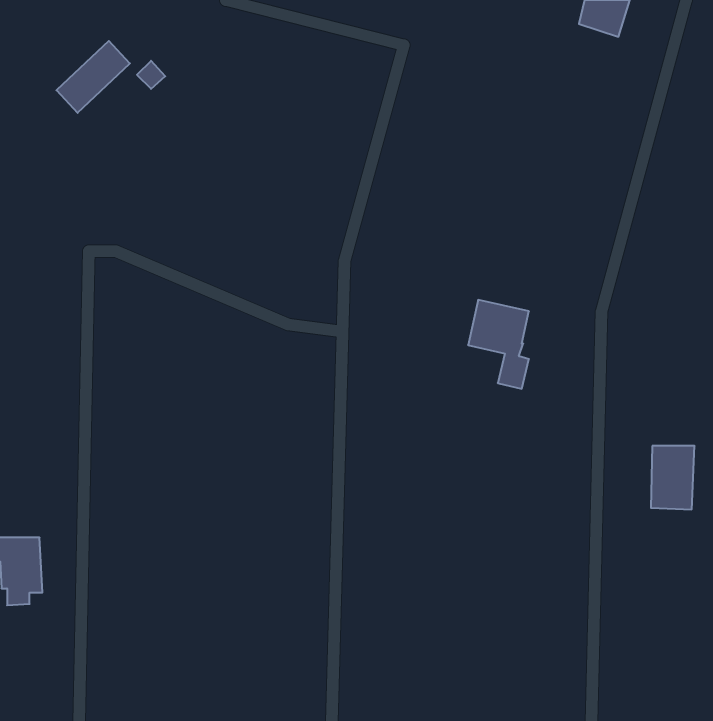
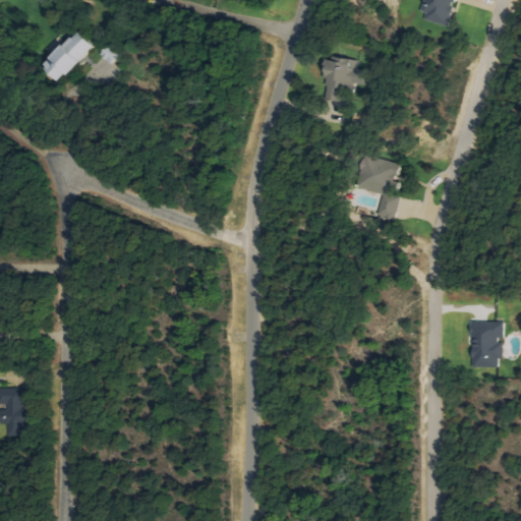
building: none -> [324,58,365,102]
building: [468,300,529,389] -> [355,155,399,219]

